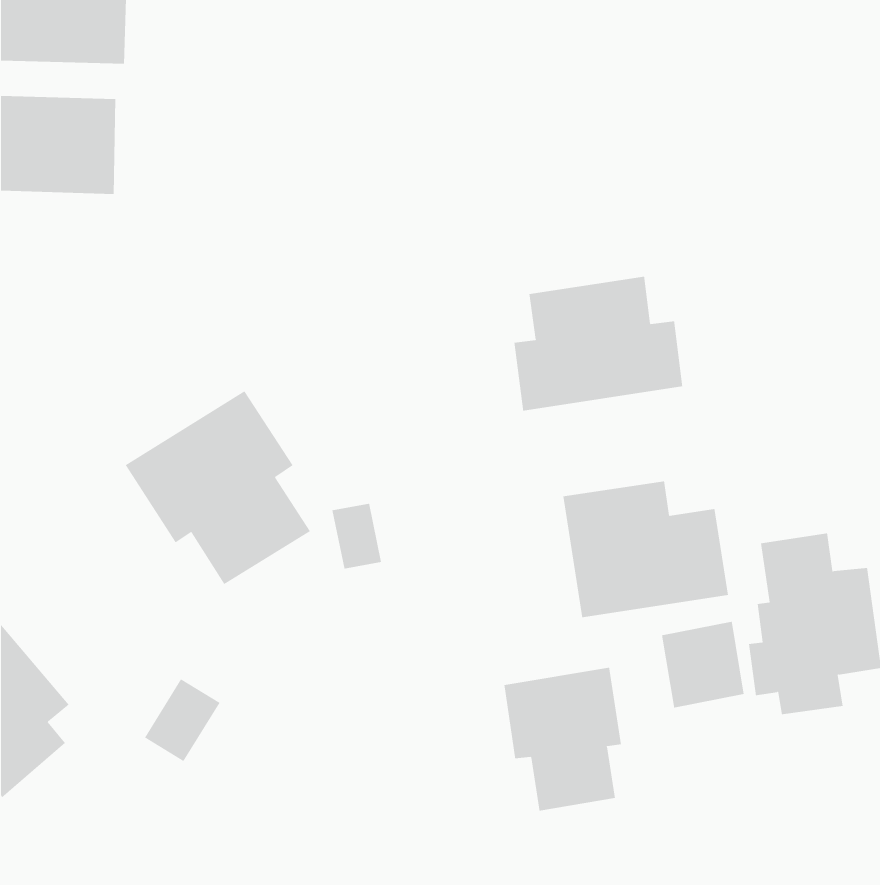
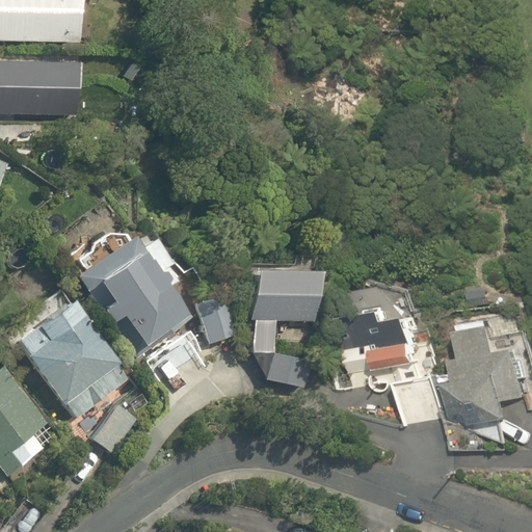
building: [514,276,683,411] -> none
building: none -> [247,263,310,390]
building: none -> [12,298,129,420]
building: [504,667,622,811] -> none

